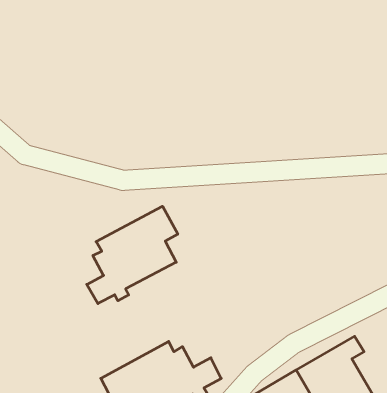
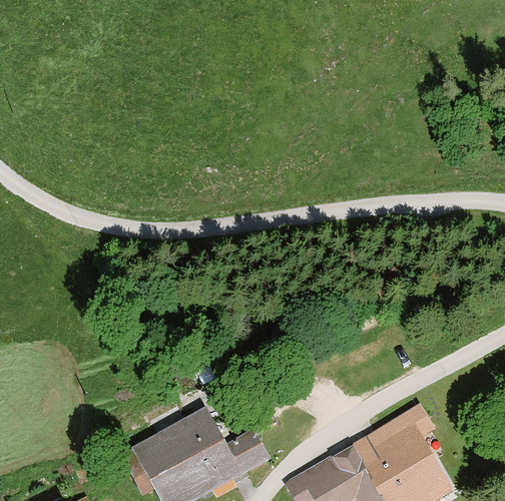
building: [87,206,178,304] -> none

